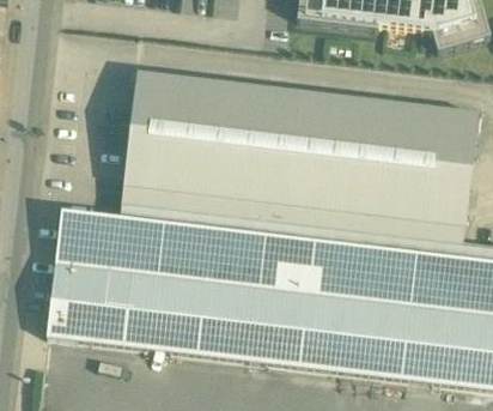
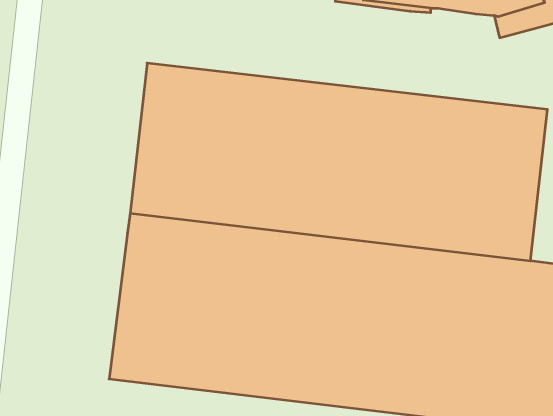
building: [47,211,120,343] -> none

